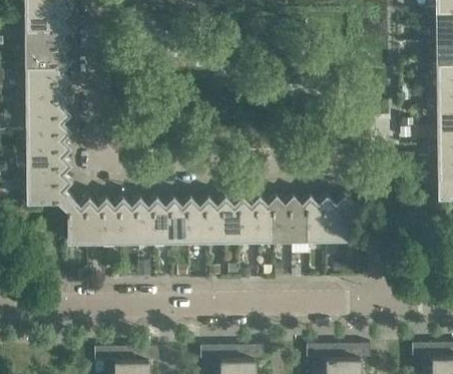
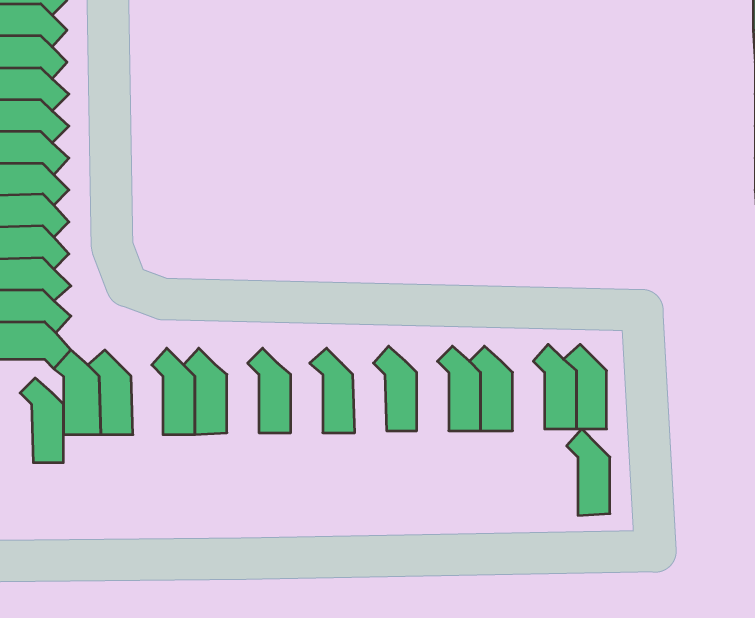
building: [301,198,324,244] -> [567,429,610,515]
building: [215,199,240,245] -> none
building: [250,199,273,244] -> none
building: [148,200,171,245] -> none
building: [181,200,205,245] -> none
building: [97,201,120,246] -> [20,378,63,463]

